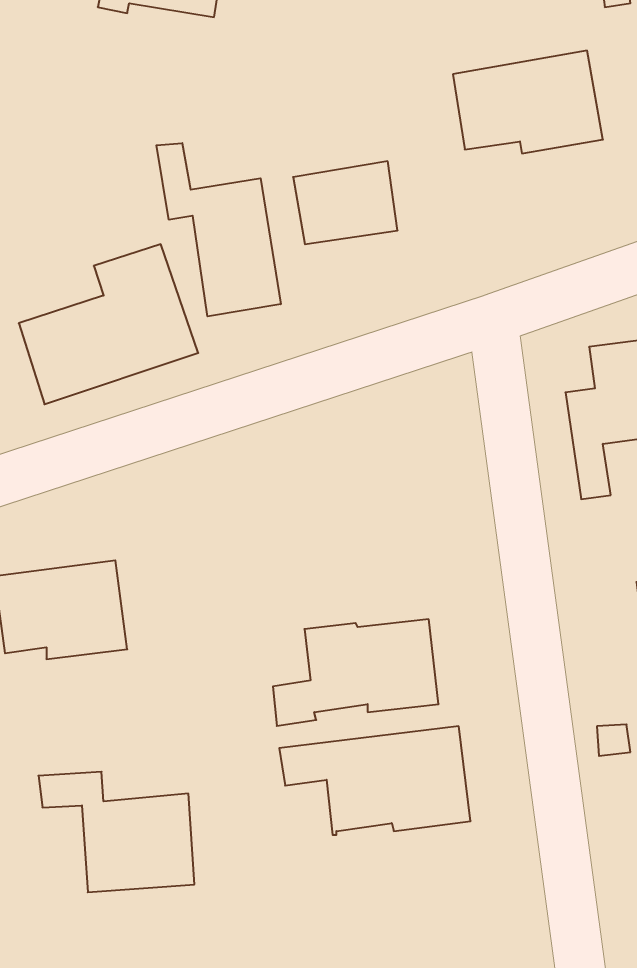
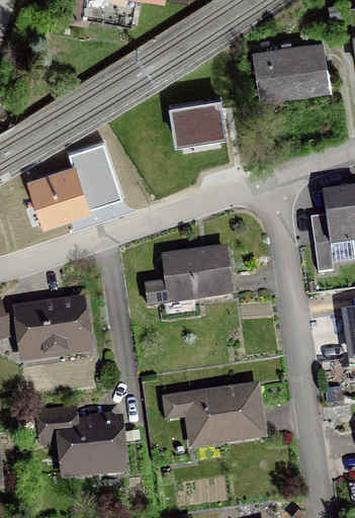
building: [156,143,281,316] -> none
building: [273,619,439,726] -> [147,251,232,306]

